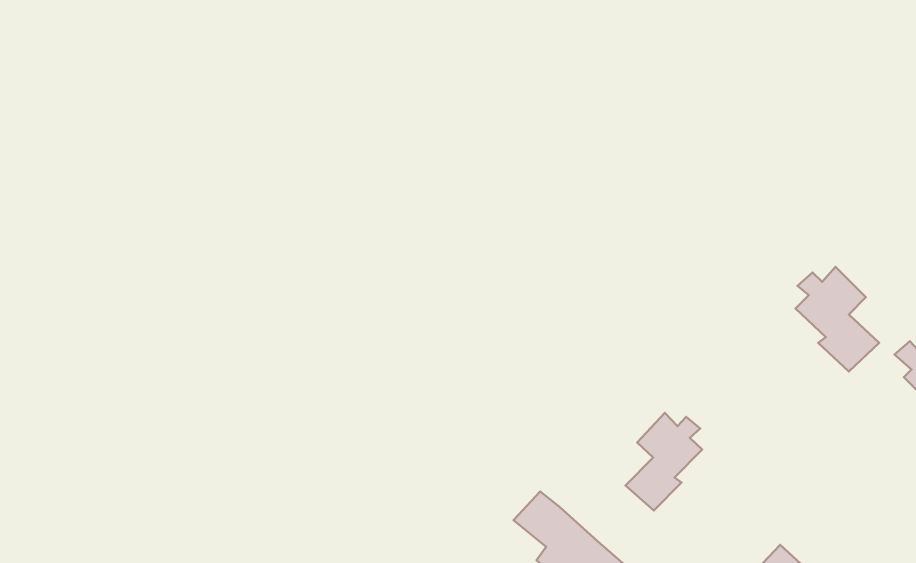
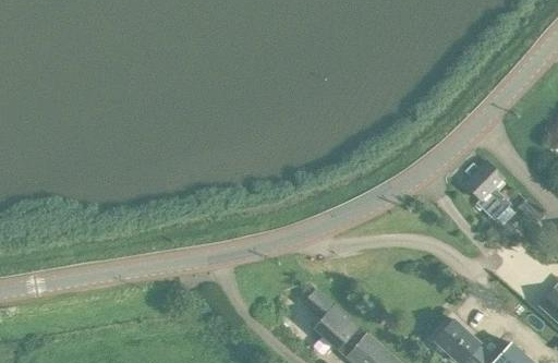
building: [625,413,702,510] -> none

